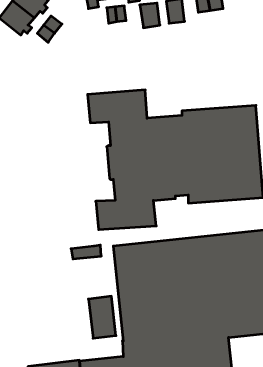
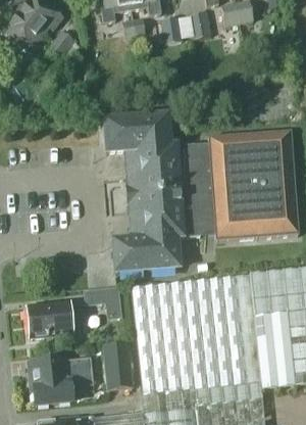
building: none -> [28,300,75,336]
building: none -> [31,356,95,405]

